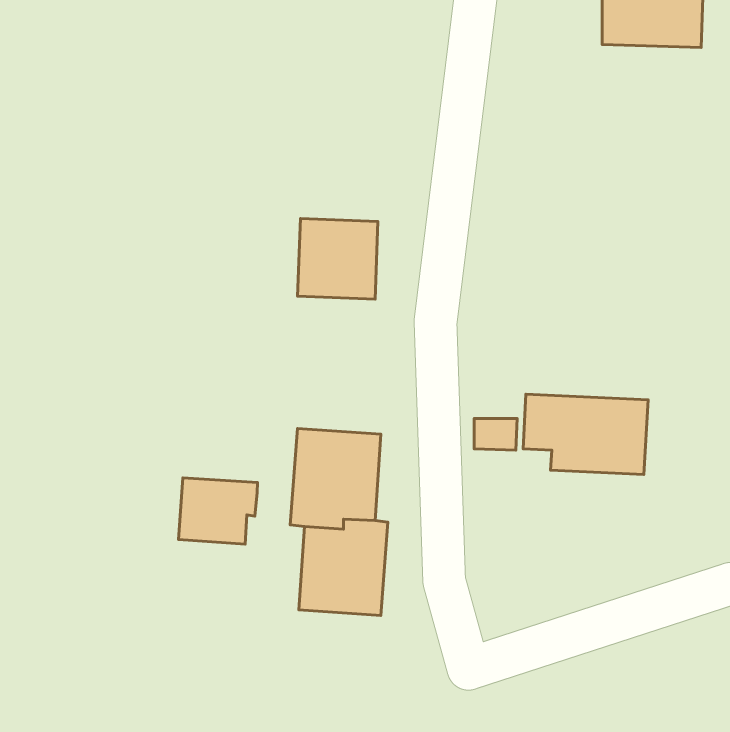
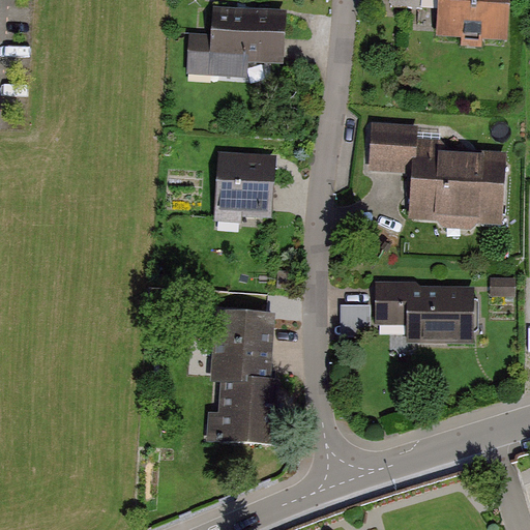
building: none -> [204,16,281,68]
building: none -> [374,130,491,215]
building: [179,478,257,544] -> none

